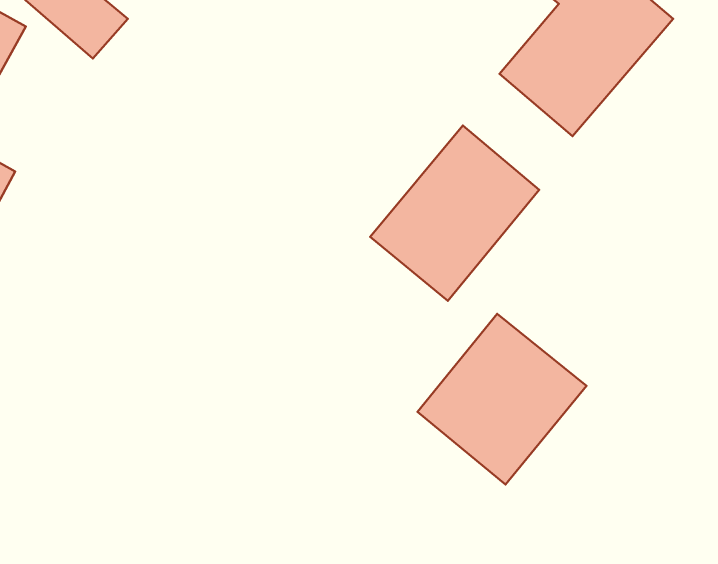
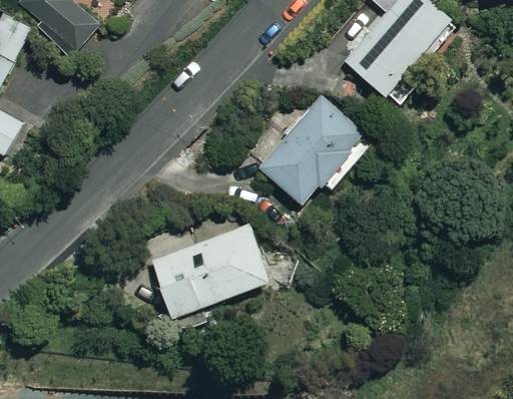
building: [418,314,587,484] -> none
building: none -> [151,222,272,321]

